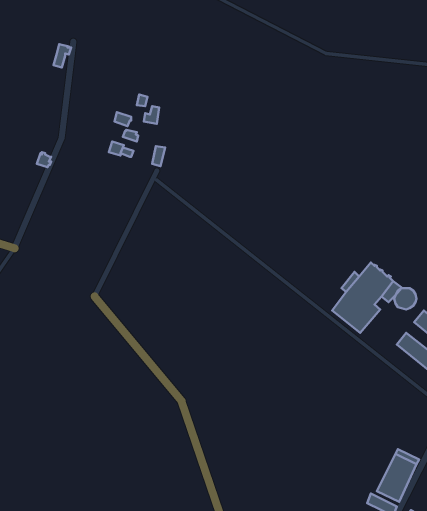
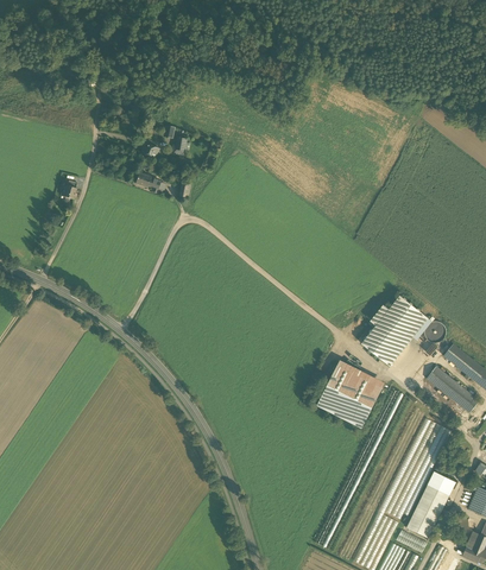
building: none -> [317,360,384,428]

